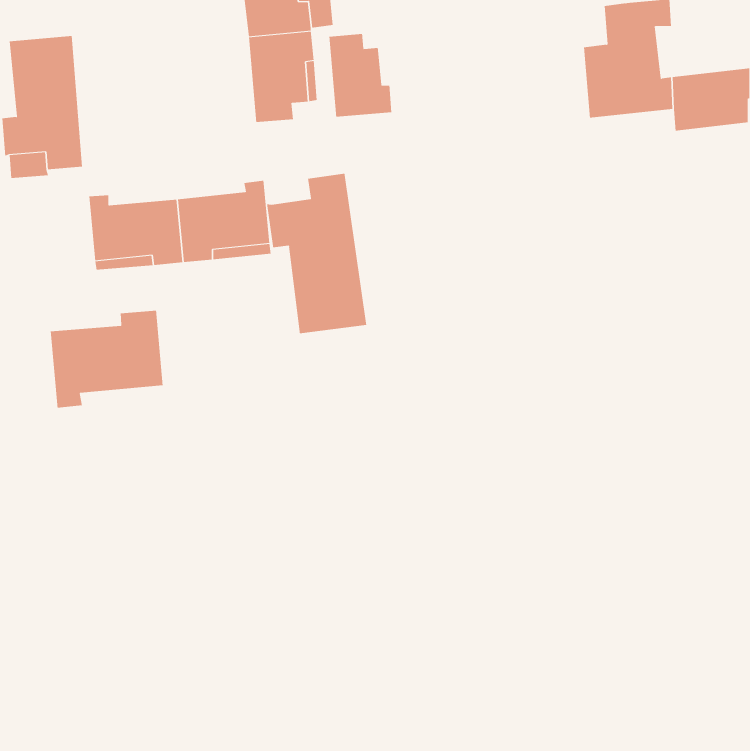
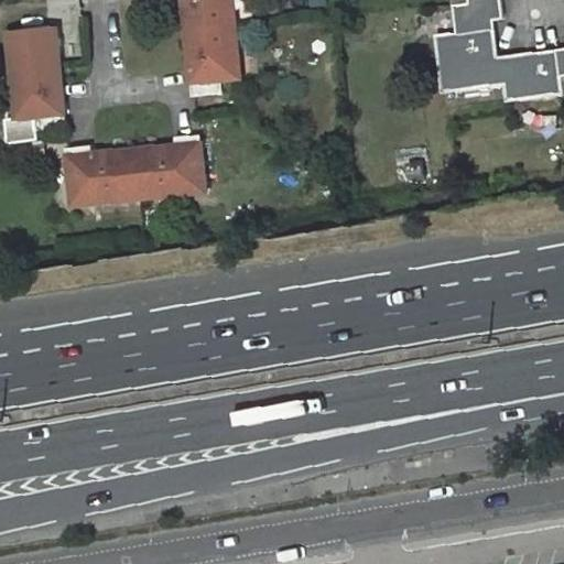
building: [329,33,392,117] -> none
building: [266,173,367,334] -> none
building: [50,310,163,409] -> none

